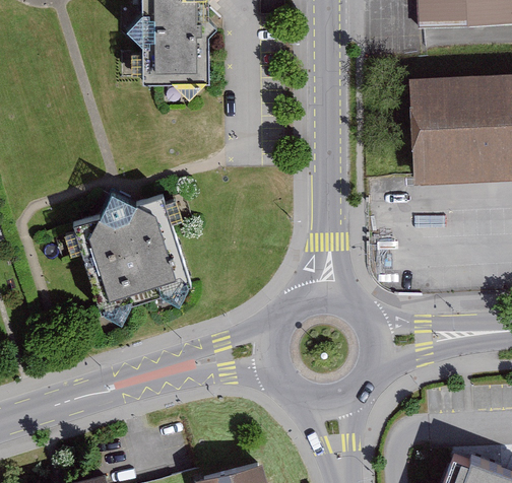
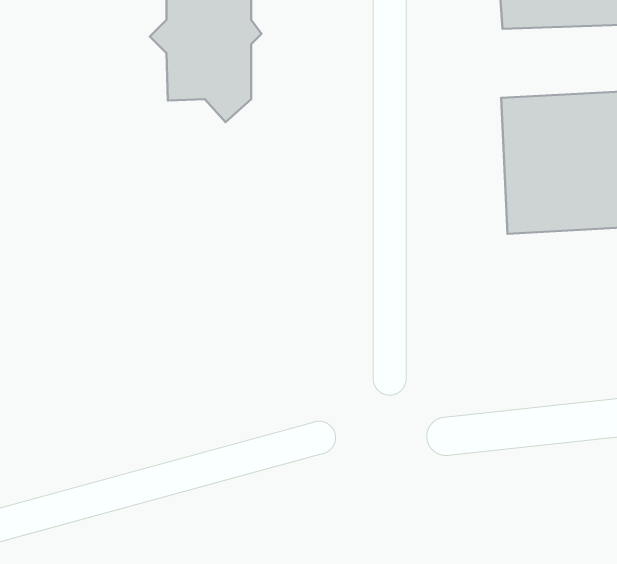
building: [77,192,191,312] -> none

